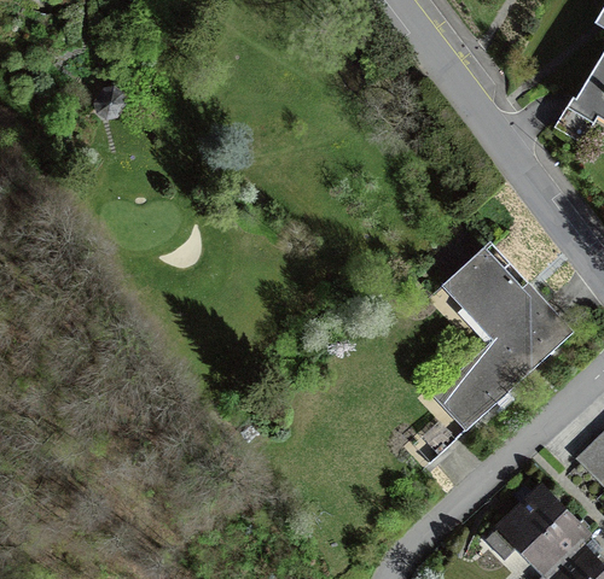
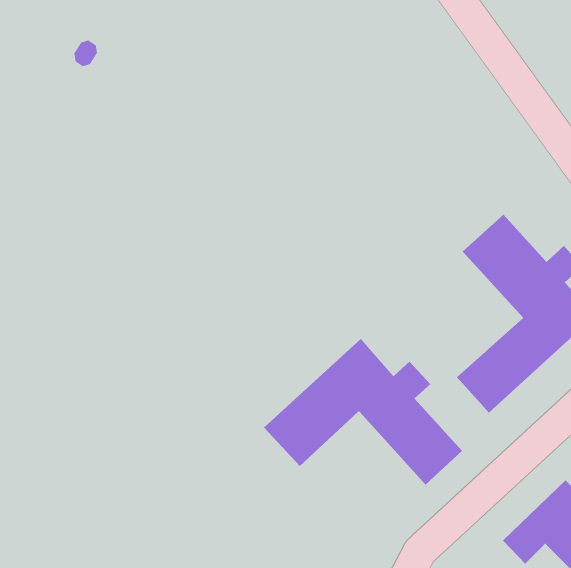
building: none -> [263,338,463,485]

